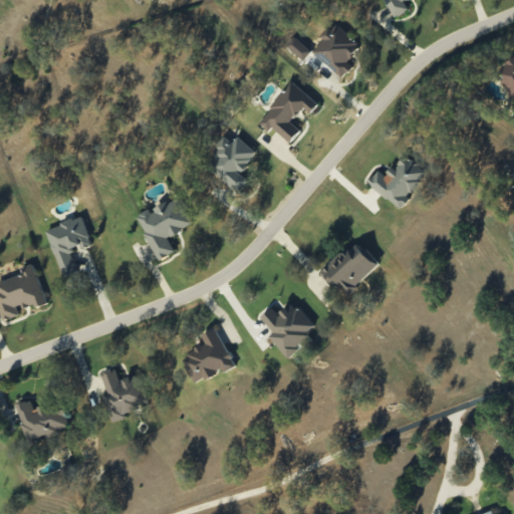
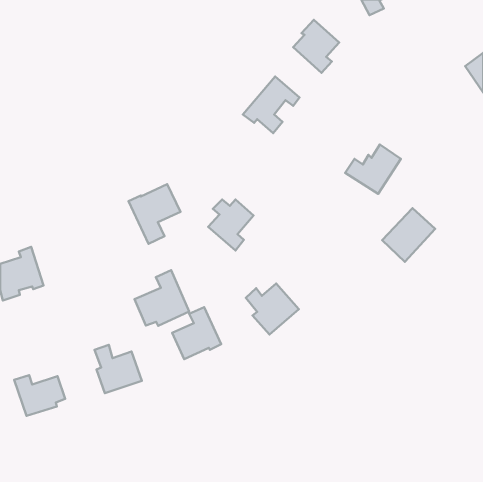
building: [209,135,257,189] -> [208,199,253,250]
building: [46,215,92,274] -> none
building: [322,239,378,296] -> [382,208,435,262]
building: none -> [134,270,189,326]

